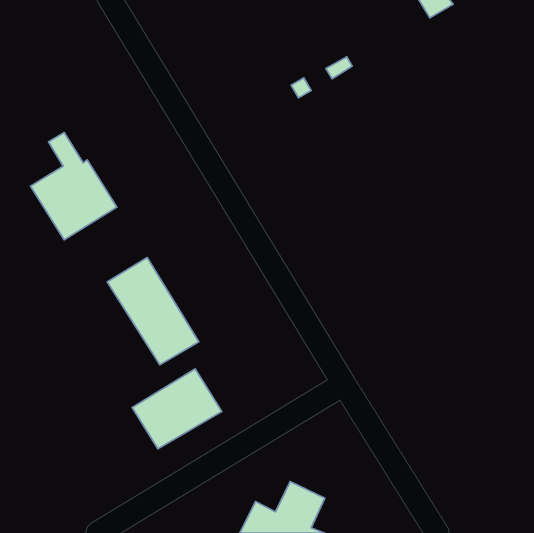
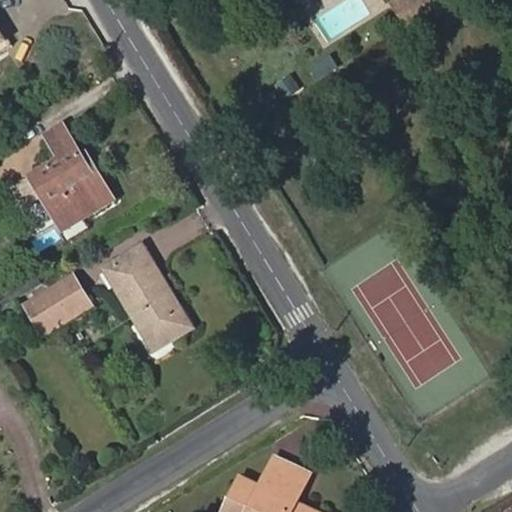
building: none -> [26,277,88,332]
building: [132,369,222,449] -> none

